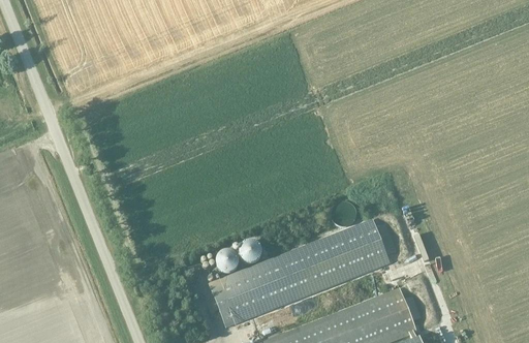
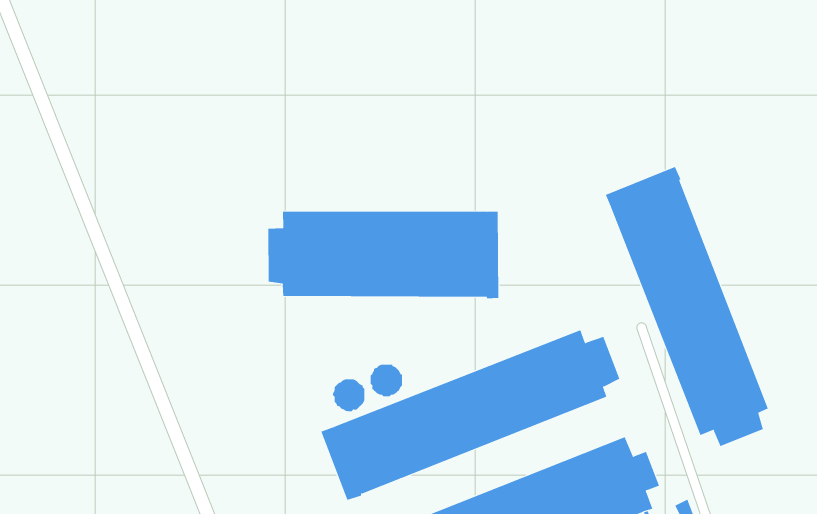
building: none -> [605,166,769,447]
building: none -> [268,211,499,299]

